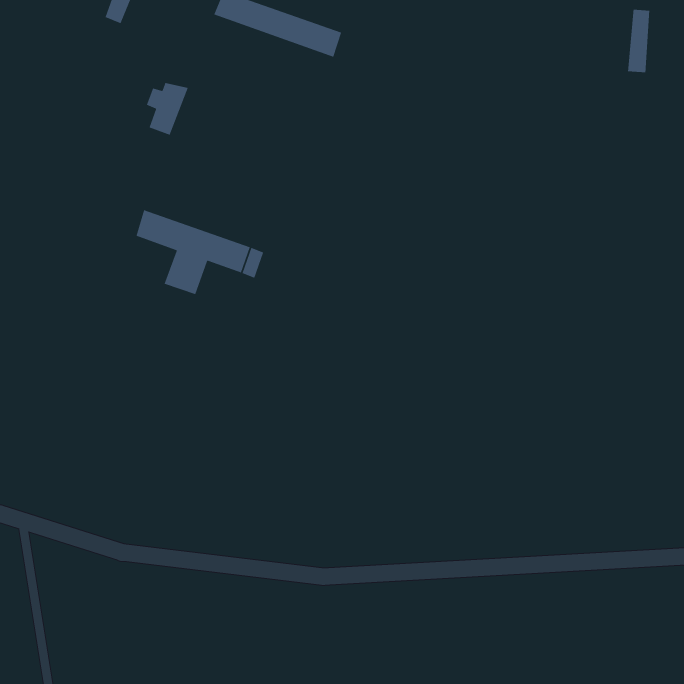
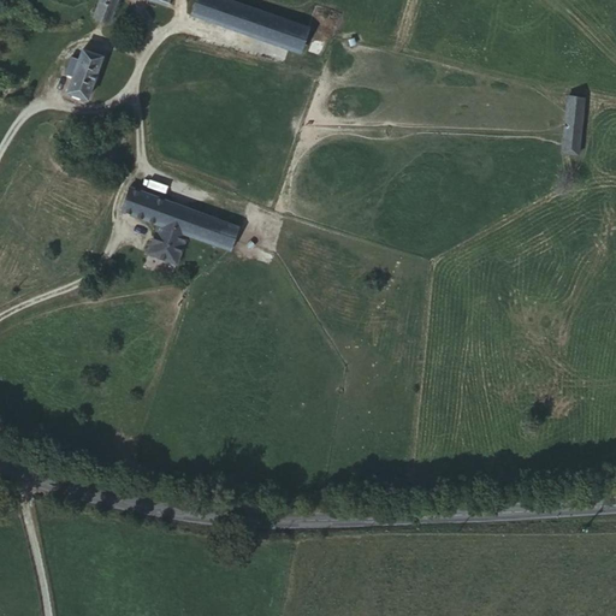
building: [627,9,650,73] -> [563,96,584,154]
building: [146,82,189,136] -> [66,51,105,99]

